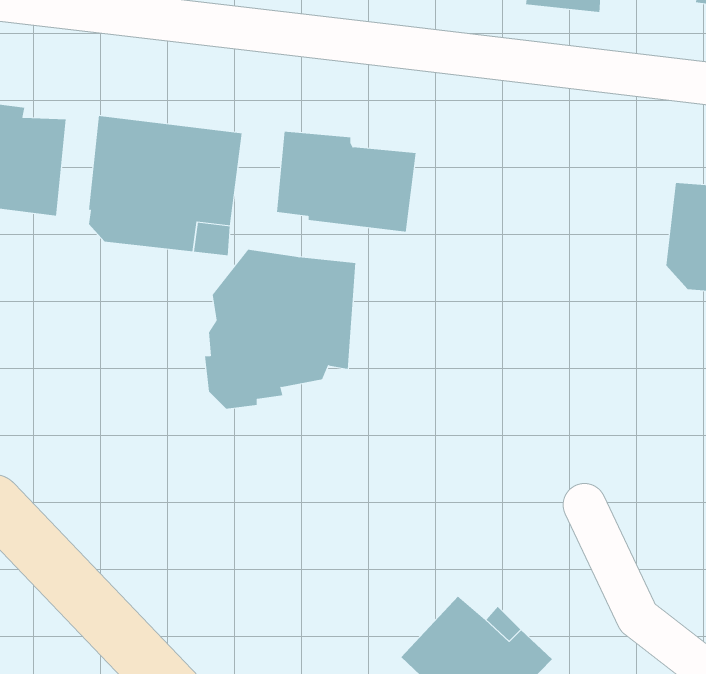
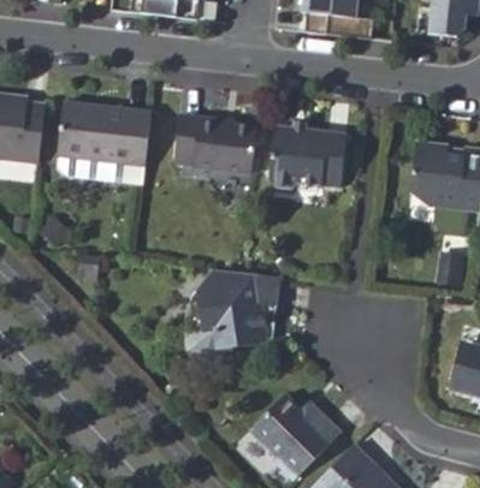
building: none -> [268,127,346,191]
building: [204,249,356,409] -> [183,268,275,365]

